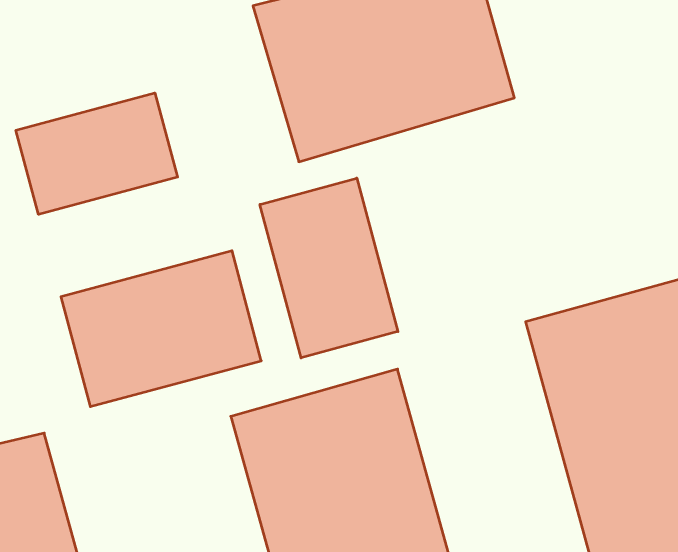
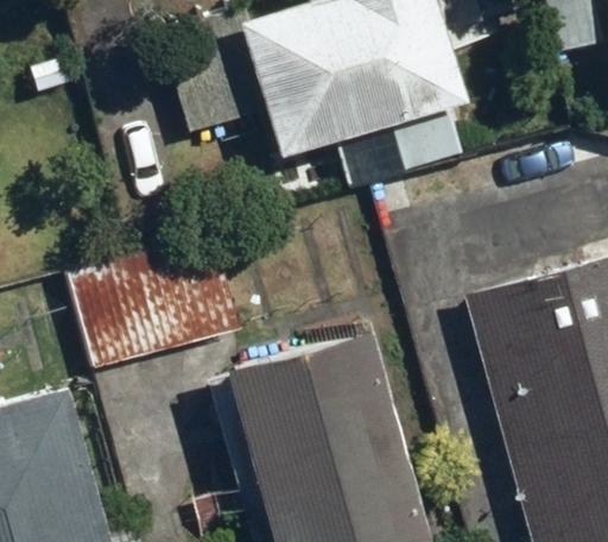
building: [16,93,178,214] -> none
building: [260,178,398,358] -> none

